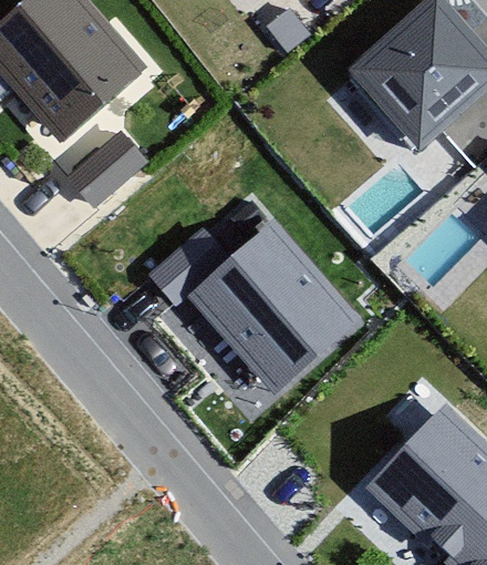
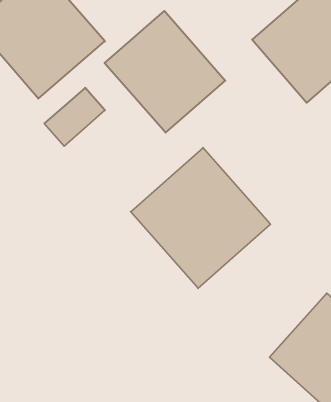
building: none -> [105,11,225,133]

